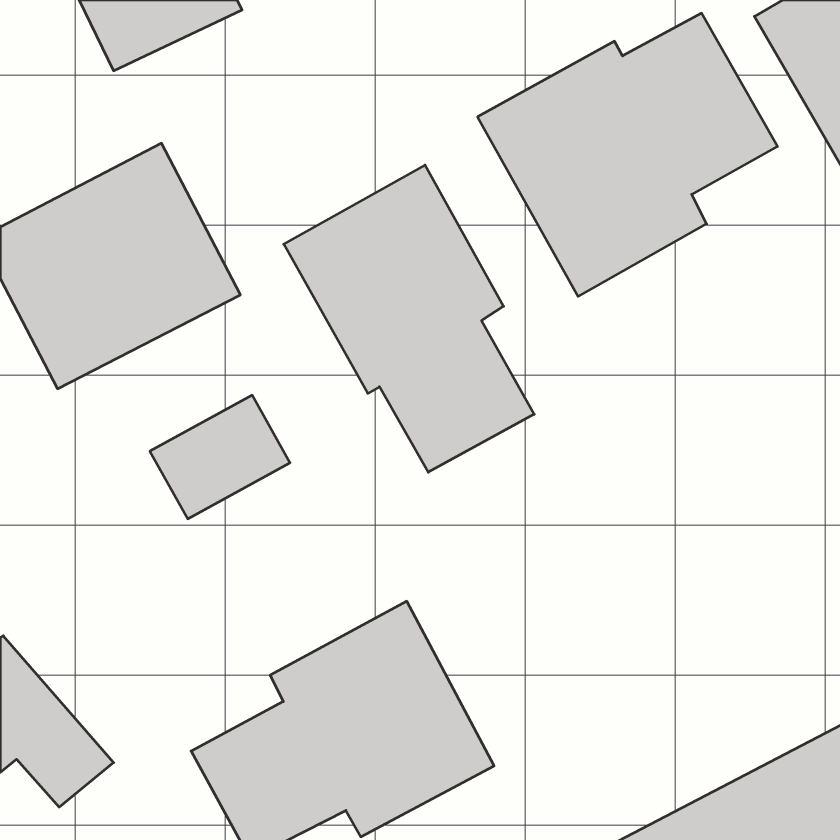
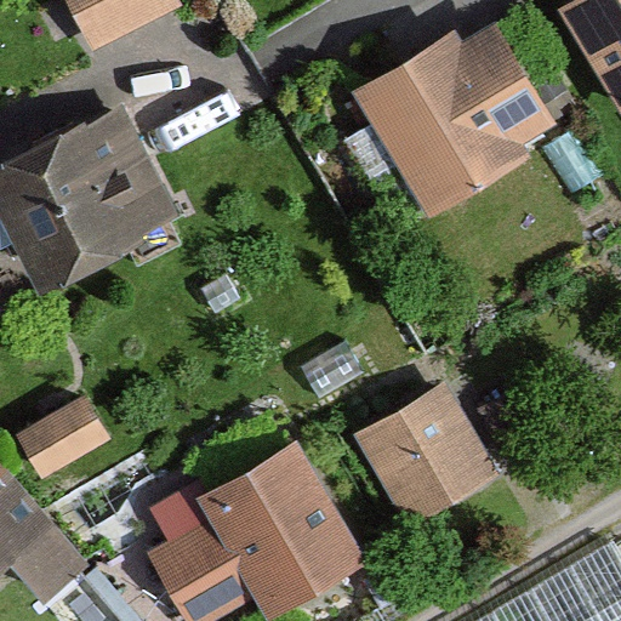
building: [284,165,534,472] -> none
building: [150,395,290,519] -> [6,389,109,480]
building: none -> [347,381,501,532]

